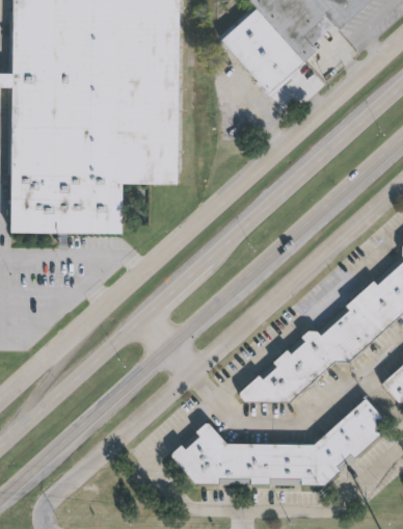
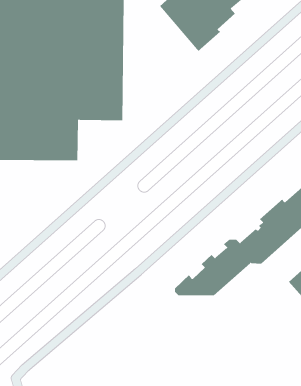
building: [171,395,383,483] -> none

